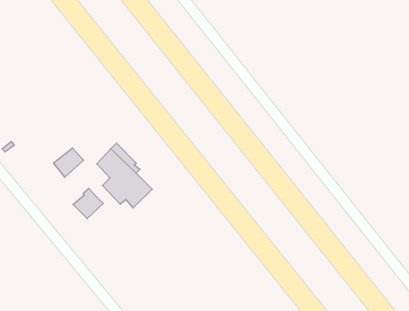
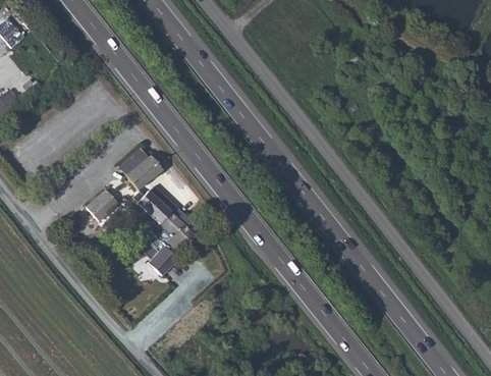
building: none -> [117,148,163,189]
building: [73,188,103,218] -> [147,247,179,279]

